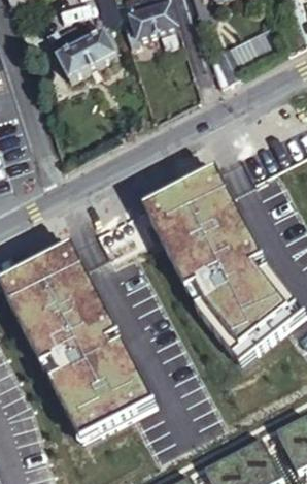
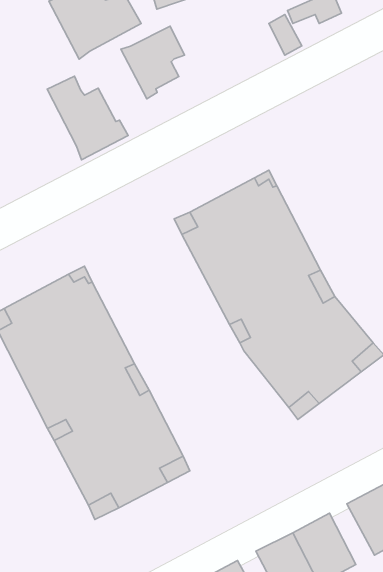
building: none -> [121,26,184,99]
building: none -> [47,76,128,160]

